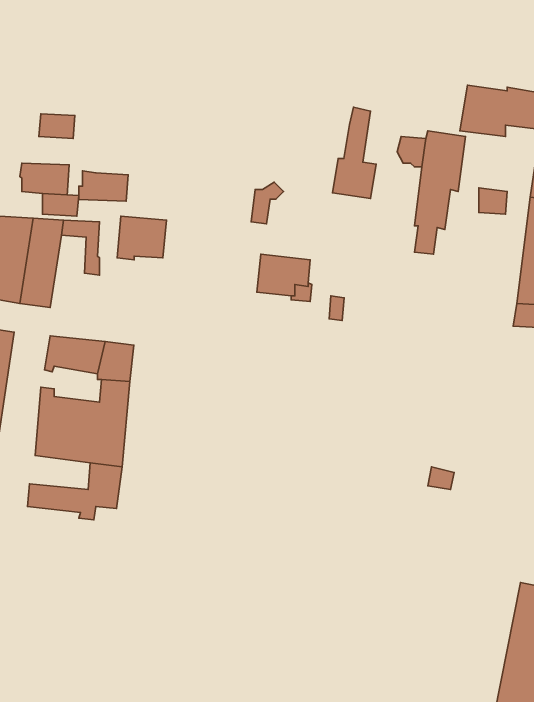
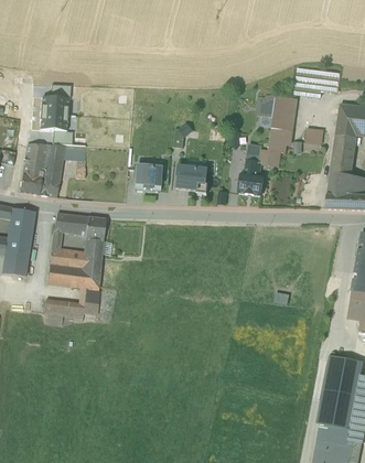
building: [333,107,376,198] -> [238,142,264,195]
building: [79,171,128,201] -> [40,96,68,114]
building: [117,216,166,260] -> [135,164,163,190]

